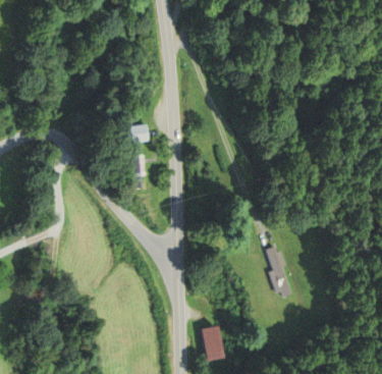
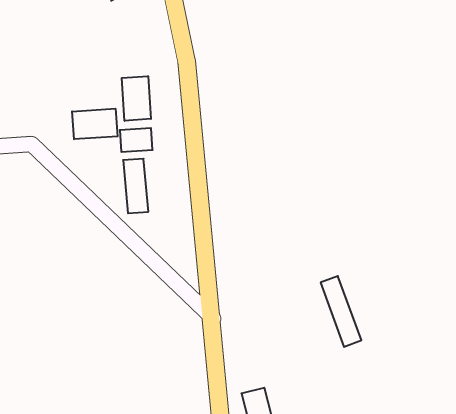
building: none -> [122,76,151,121]
building: none -> [72,109,118,139]

